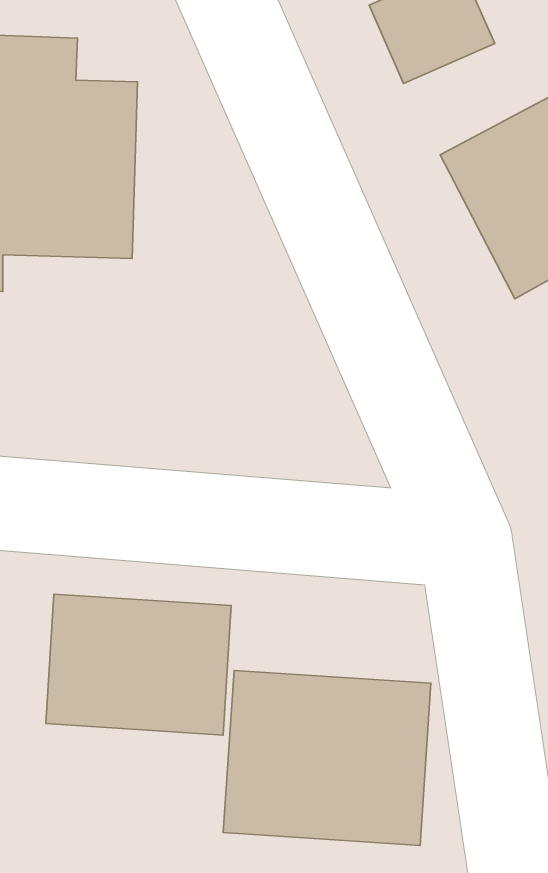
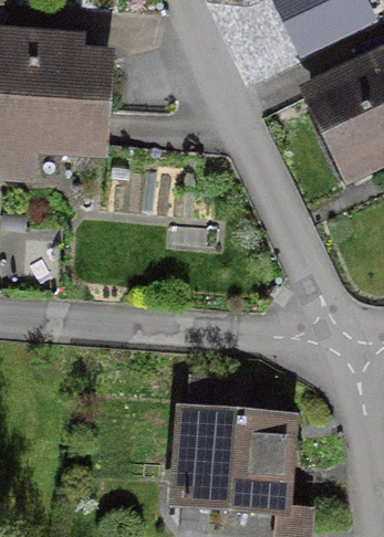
building: [46,594,231,735] -> none

